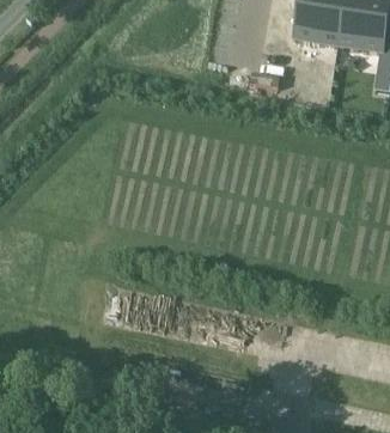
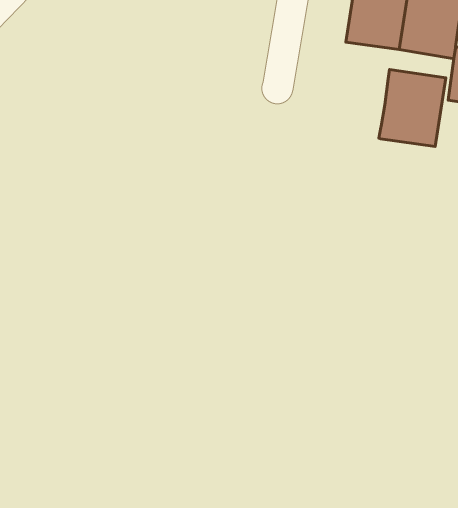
building: none -> [379,70,446,147]

